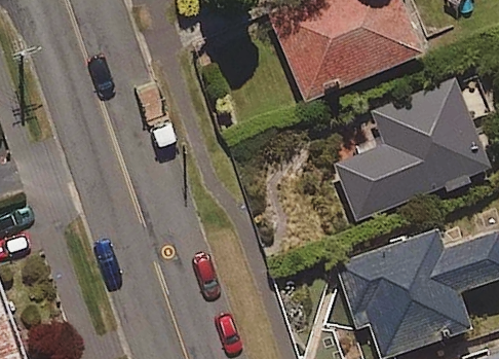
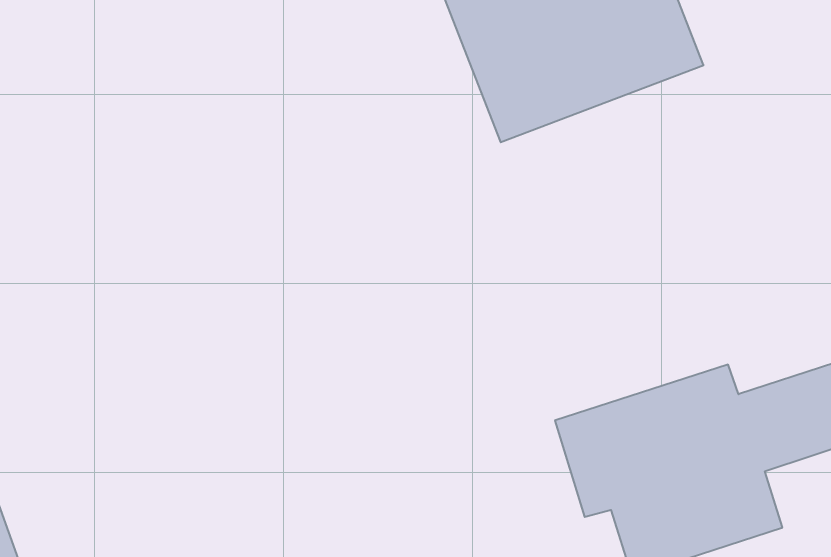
building: [334,80,489,217] -> none

